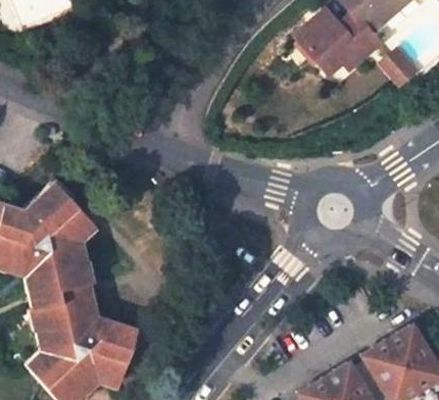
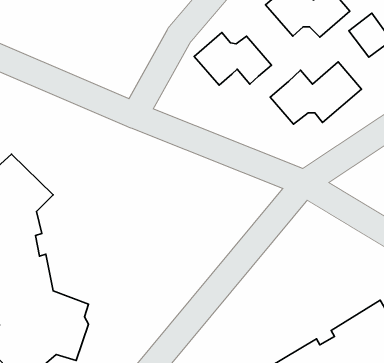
building: none -> [194,33,271,85]
building: none -> [270,62,362,124]

